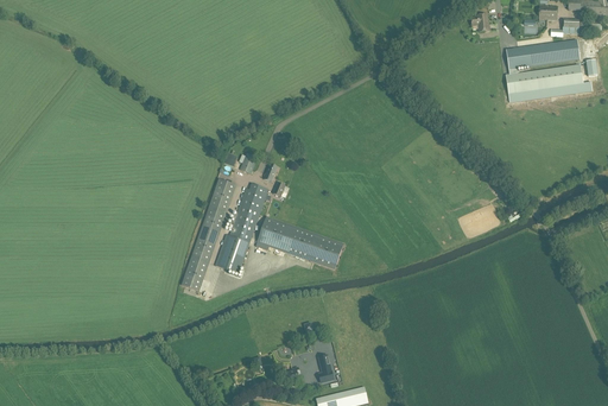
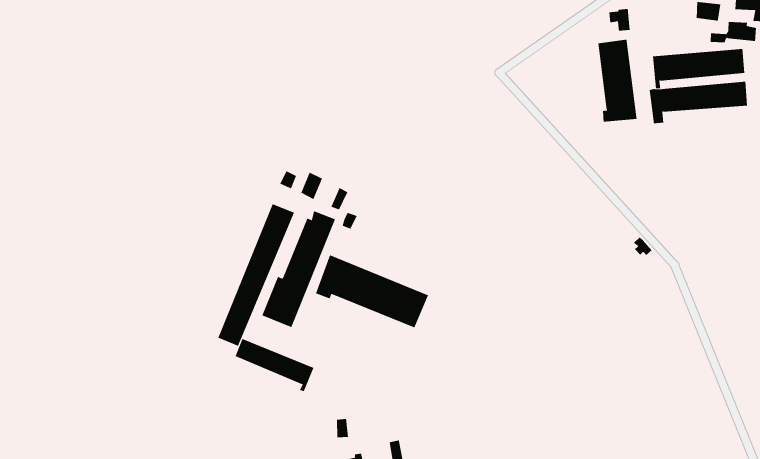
building: none -> [598,39,637,123]
building: none -> [235,338,314,392]

